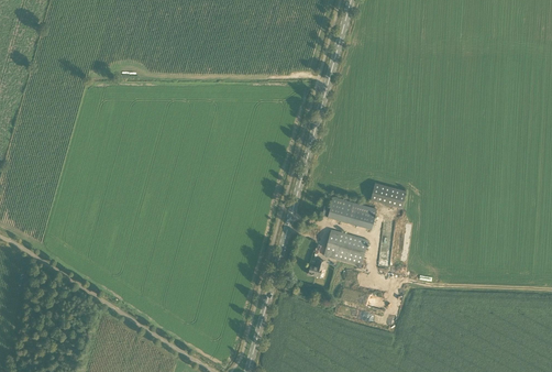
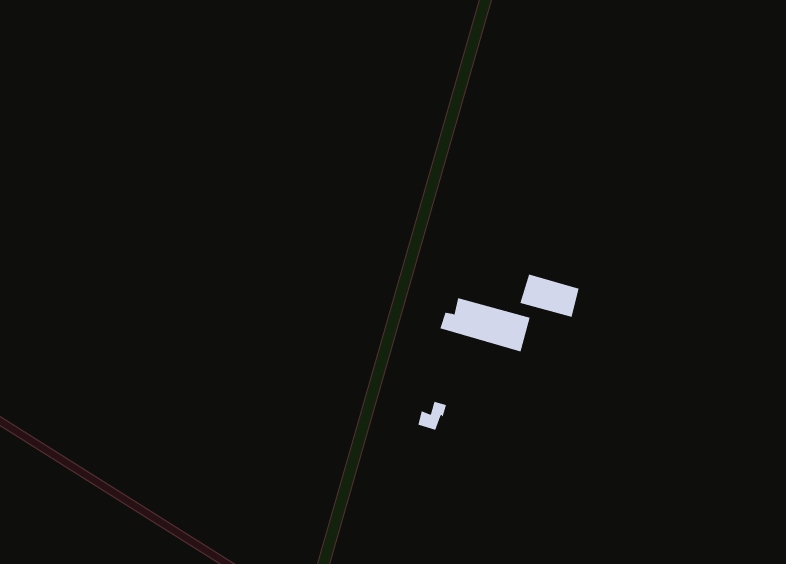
building: [322,228,367,264] -> none

